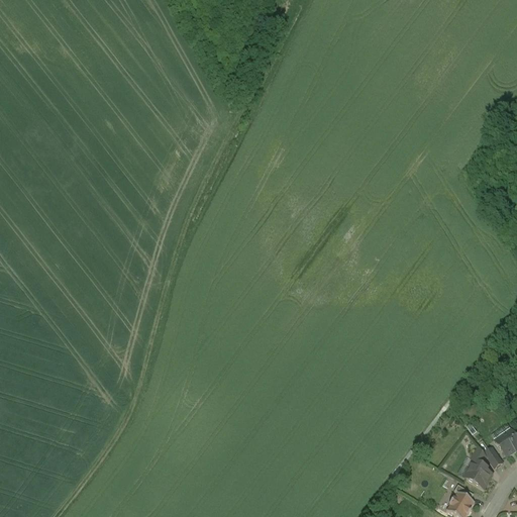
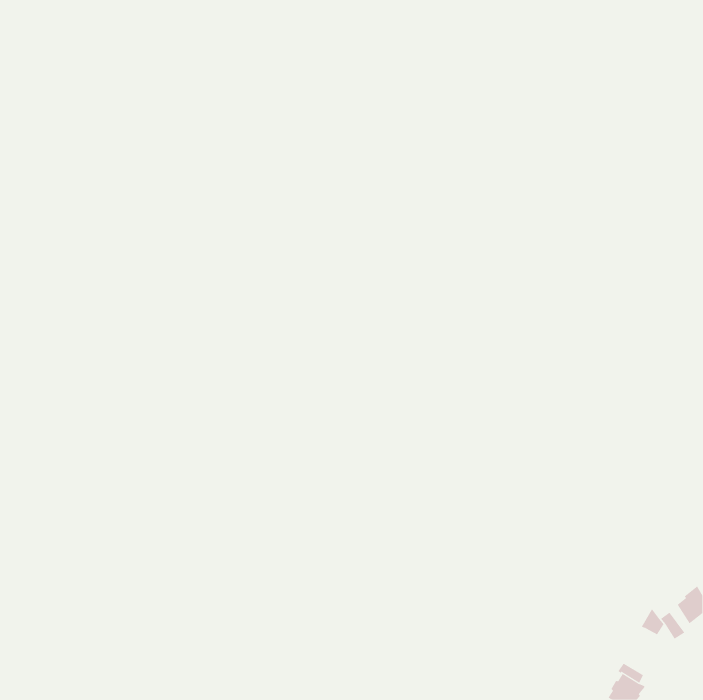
building: [462,460,491,489] -> none

